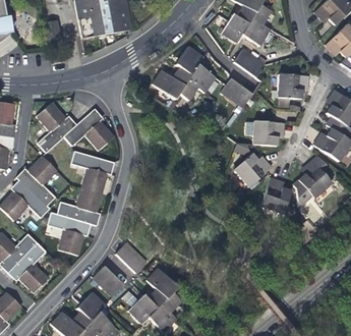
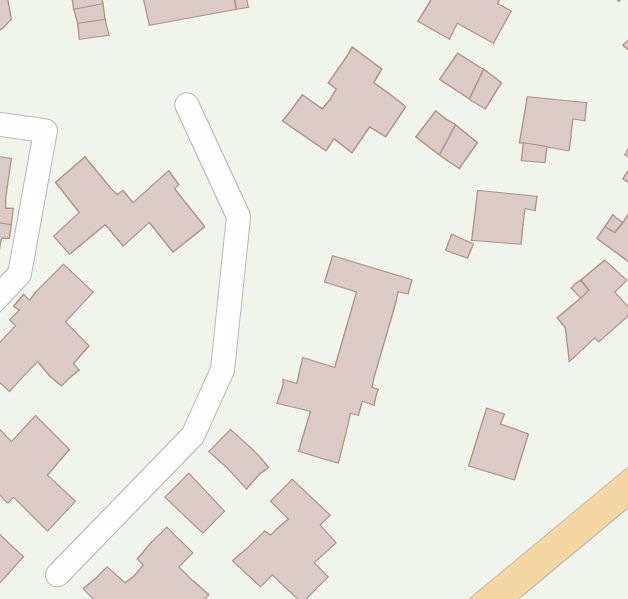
building: [46,150,115,256] -> [277,256,412,463]
building: [232,154,269,188] -> none
building: [261,177,292,214] -> [469,408,528,480]

